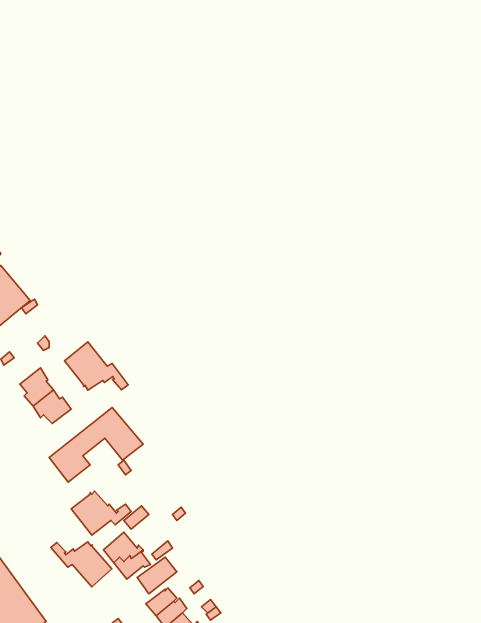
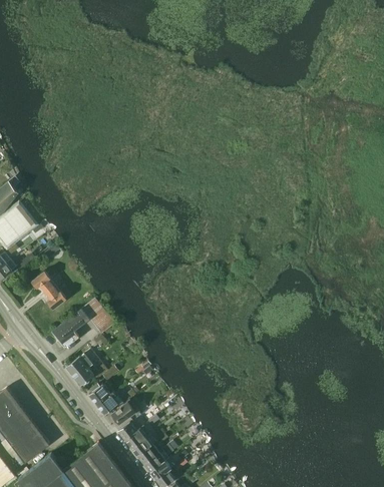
building: [64,342,128,390] -> none
building: [51,542,112,587] -> none

